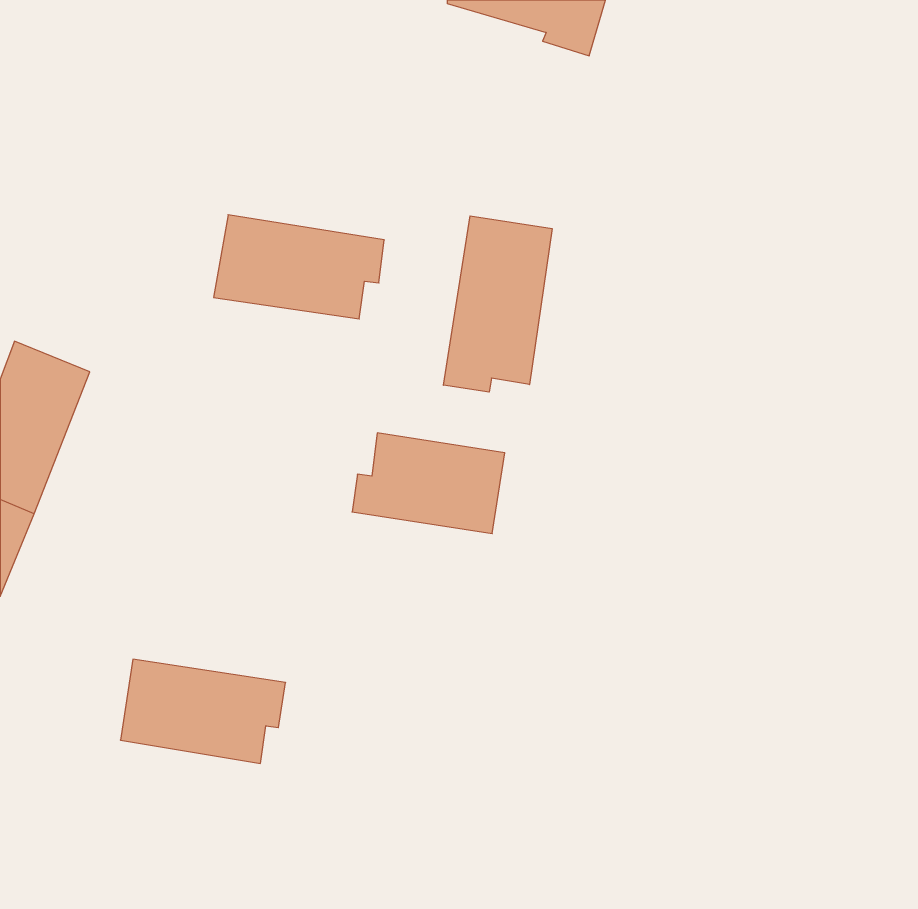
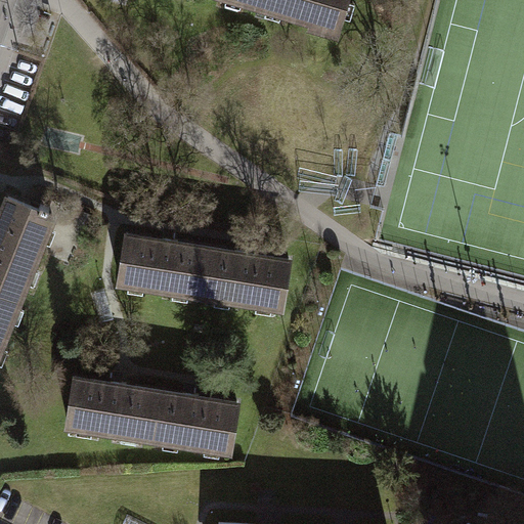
building: [214,215,384,319] -> [118,237,215,297]
building: [443,216,552,392] -> none
building: none -> [148,394,236,452]

